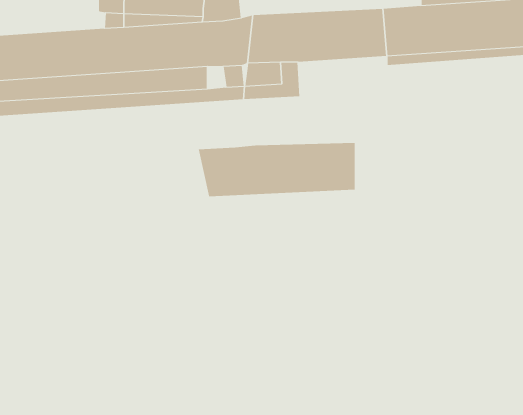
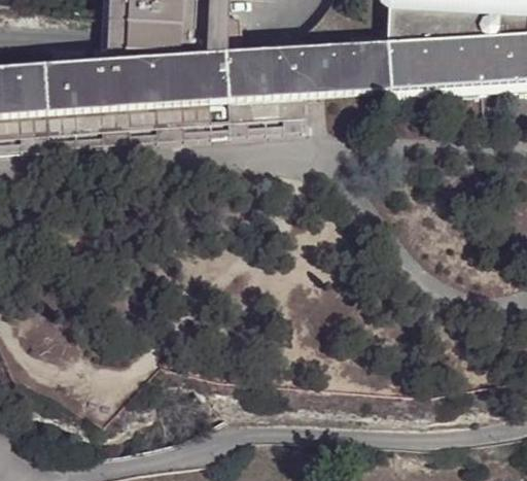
building: [198,142,355,197] -> none

